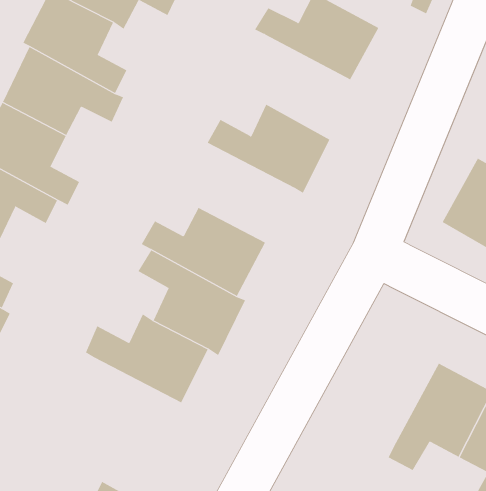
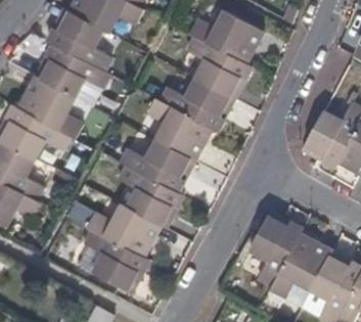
building: none -> [186,35,251,98]
building: none -> [147,97,213,160]
building: none -> [249,211,303,284]
building: none -> [78,230,148,291]

